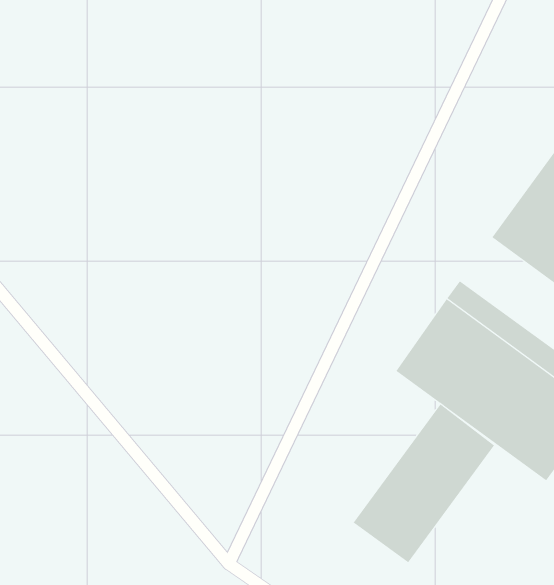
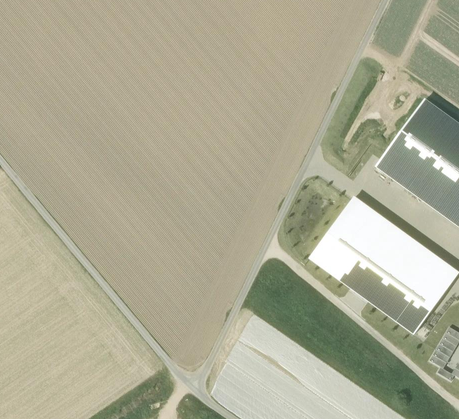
building: [353,403,495,563] -> none

